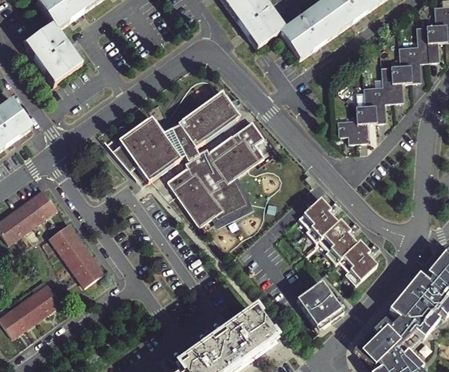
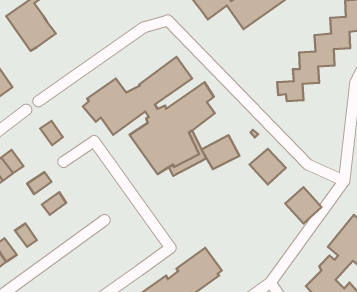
building: none -> [202,135,239,169]
building: [30,189,56,217] -> [40,121,63,145]
building: [325,219,366,260] -> none
building: [56,235,85,261] -> none
building: [74,259,103,286] -> none
building: [293,279,349,331] -> none
building: [22,291,48,319] -> none

